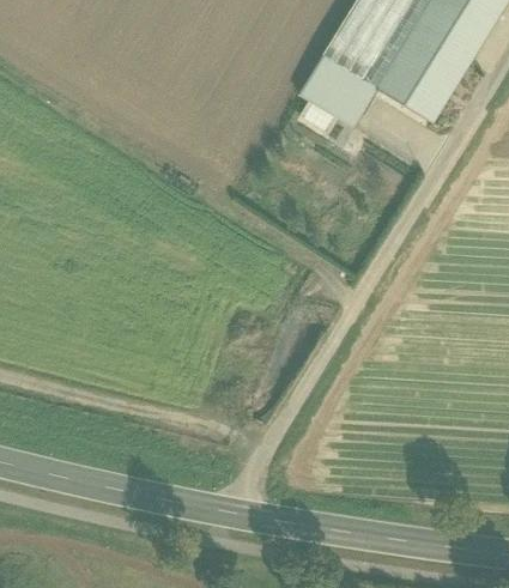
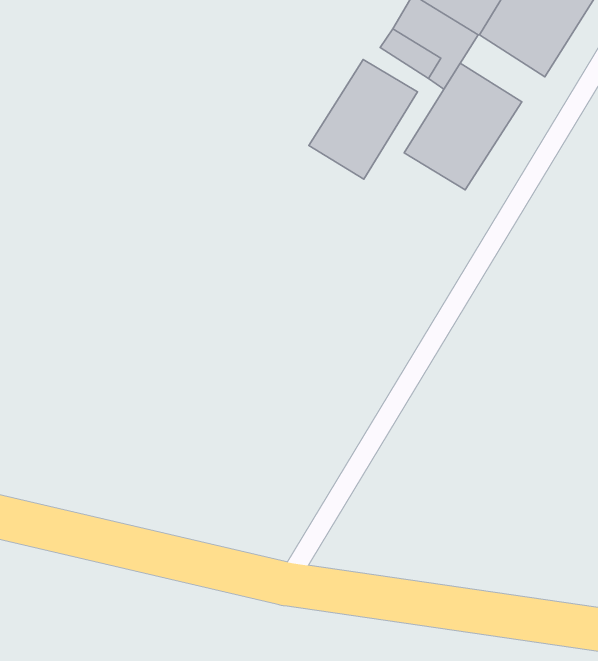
building: none -> [309,60,417,179]
building: none -> [404,63,522,190]

